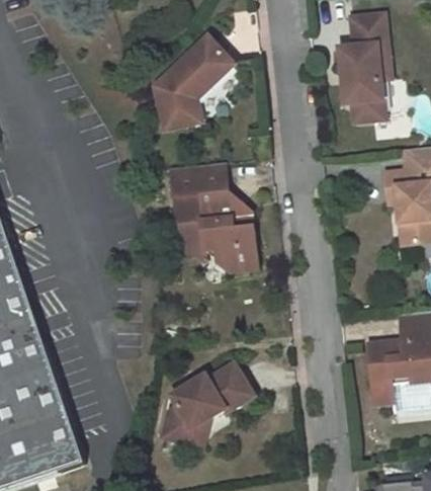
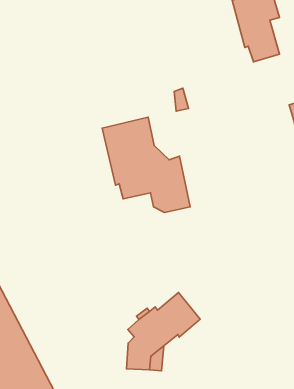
building: [155,39,236,131] -> none

